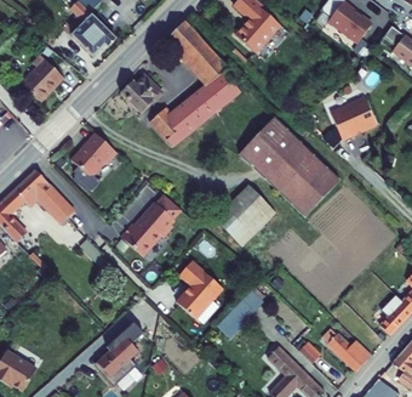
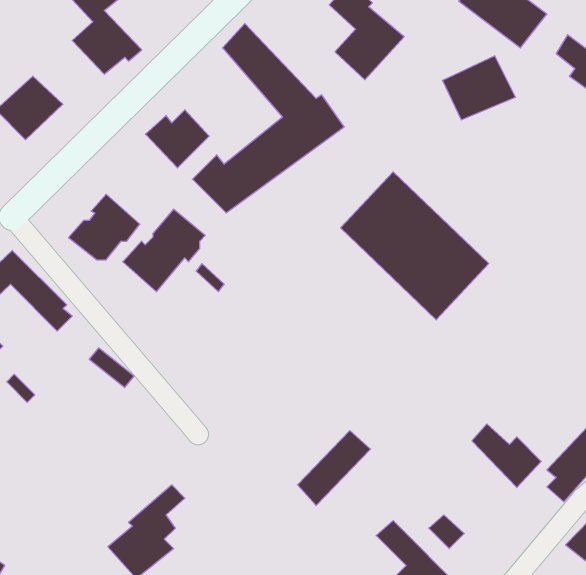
building: [321,101,368,142] -> [442,56,516,120]
building: [216,185,276,244] -> none
building: [120,203,173,256] -> [123,209,205,292]
building: [176,259,223,316] -> none
building: [327,330,372,372] -> [472,424,541,488]

